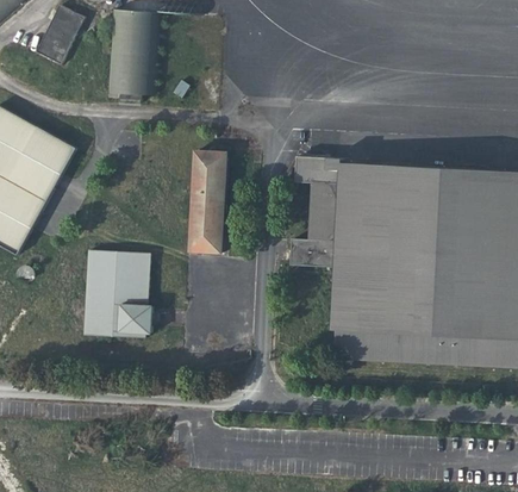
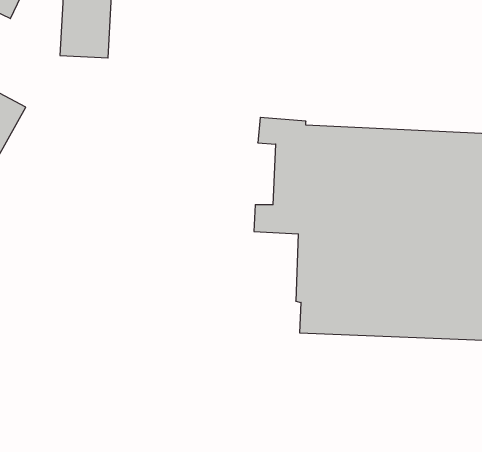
building: [188,149,227,254] -> none
building: [83,250,152,337] -> none

